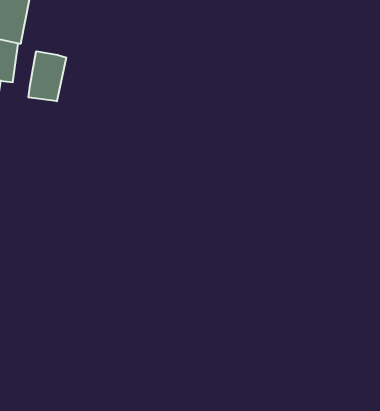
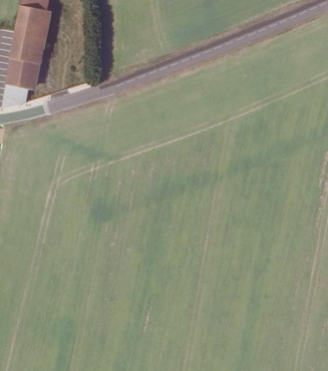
building: [28,51,66,101] -> none

